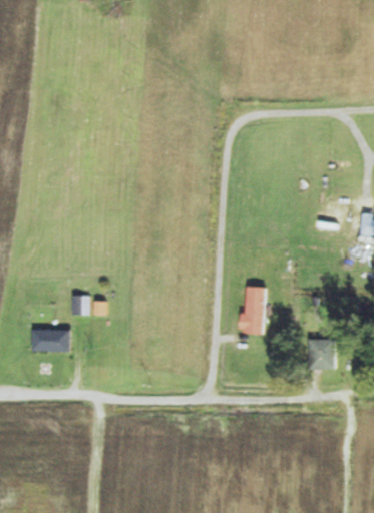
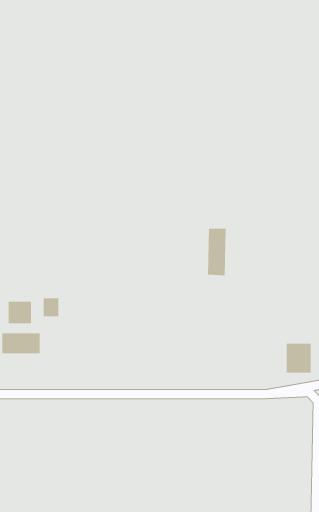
building: [244,287,263,334] -> [207,228,227,276]
building: none -> [8,301,32,324]

